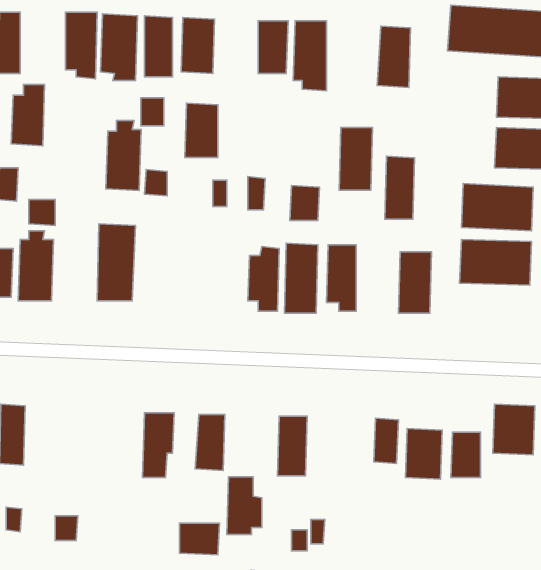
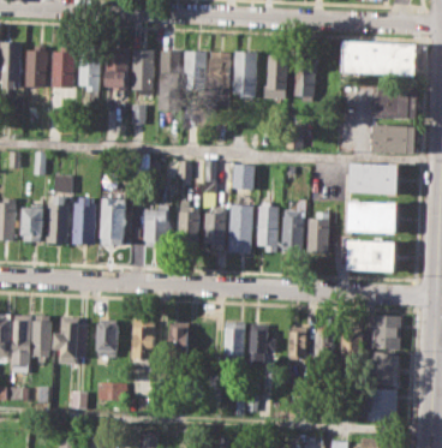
building: [11,85,45,146] -> [50,46,73,88]
building: [185,103,218,157] -> [183,50,205,88]
building: [106,121,141,191] -> [72,196,96,244]
building: [339,127,372,190] -> [265,55,288,98]
building: [385,156,415,219] -> [281,210,301,253]
building: none -> [179,201,199,244]
building: none -> [144,204,167,245]
building: none -> [347,240,396,271]
building: none -> [53,315,88,364]
building: none -> [96,318,117,357]
building: none -> [370,352,399,384]
building: [227,477,262,534] -> [249,324,273,364]
building: none -> [368,388,396,420]
building: [179,523,220,555] -> [96,381,124,402]

